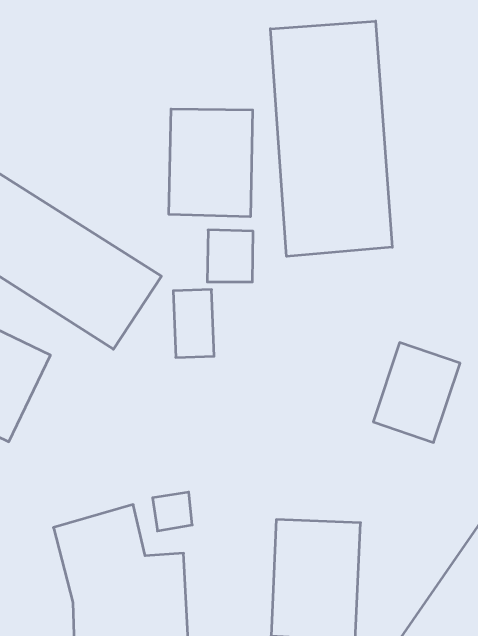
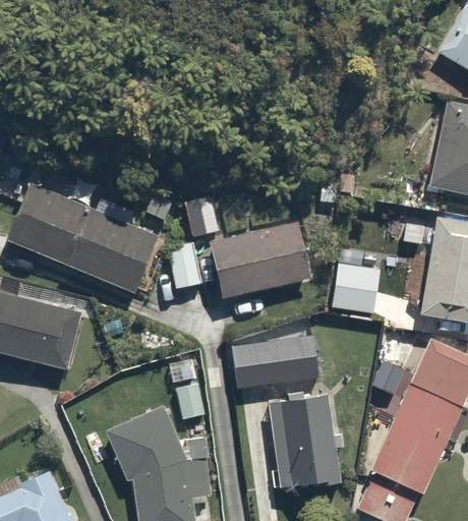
building: [270,21,392,256] -> none
building: [169,109,253,217] -> none
building: none -> [212,219,314,301]
building: none -> [231,332,326,382]

